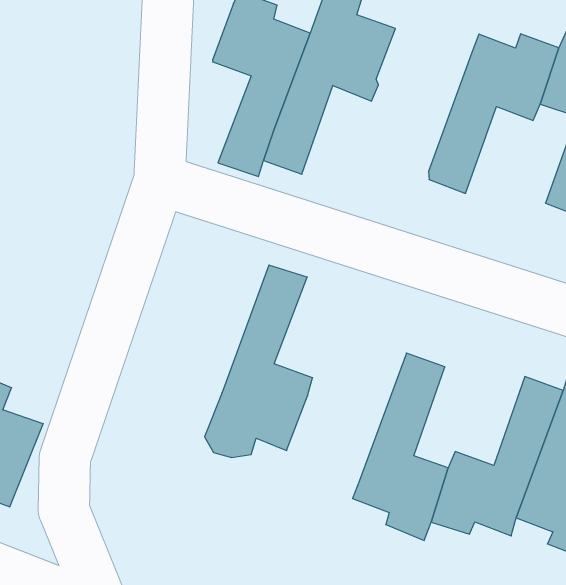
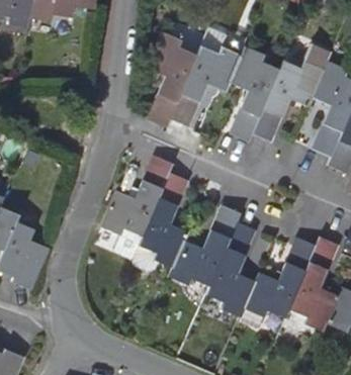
building: none -> [229,46,278,143]
building: none -> [101,155,173,237]
building: none -> [169,204,240,285]

